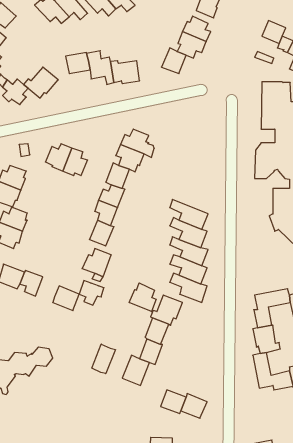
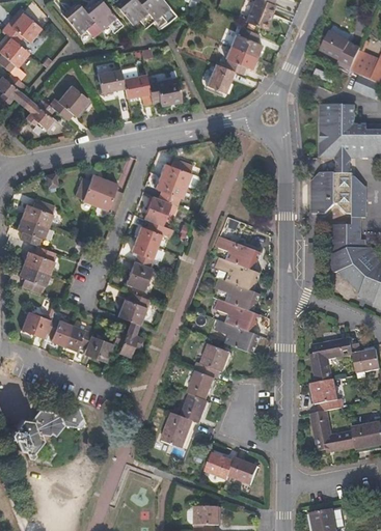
building: none -> [63,325,91,351]
building: [129,283,156,312] -> none
building: [92,344,115,374] -> none

